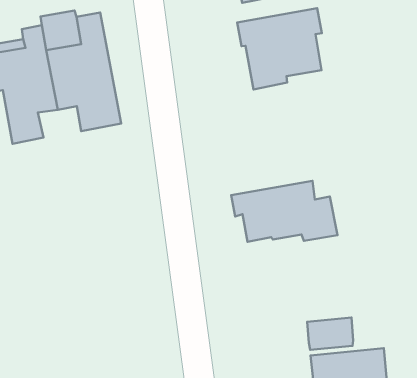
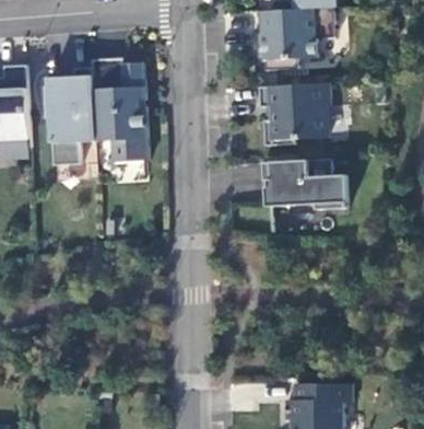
building: [231,181,337,242] -> [261,160,348,210]
building: [307,317,353,350] -> none

